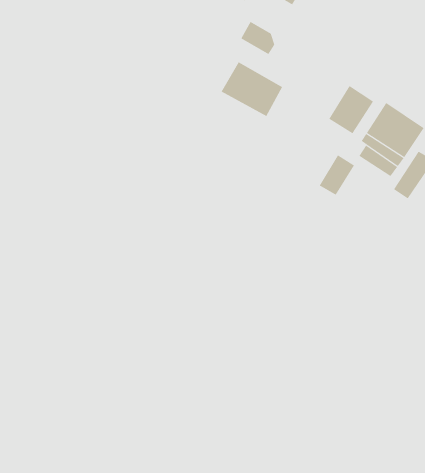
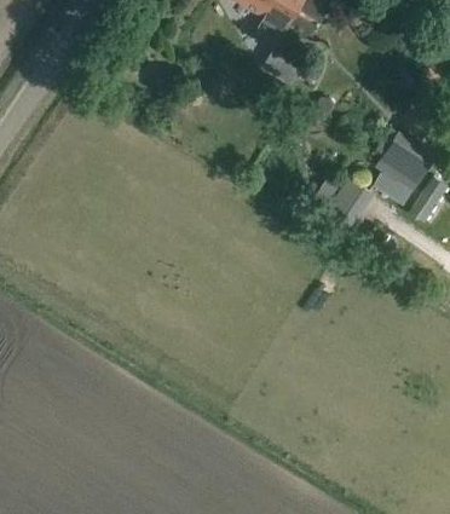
building: [221,61,283,117] -> none
building: [328,85,374,134] -> none

